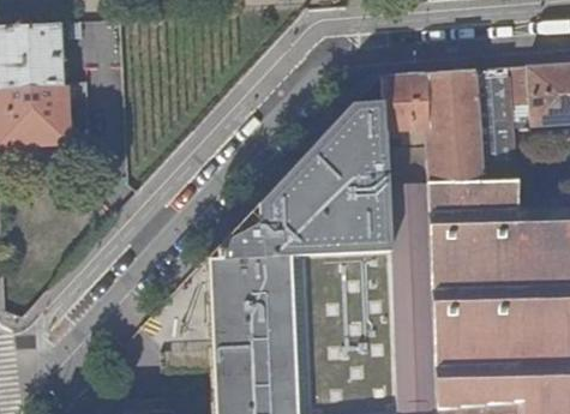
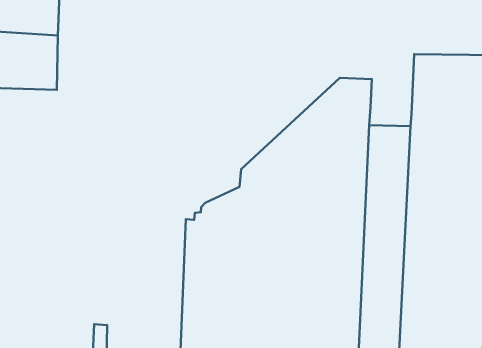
building: [384,76,428,145] -> none

